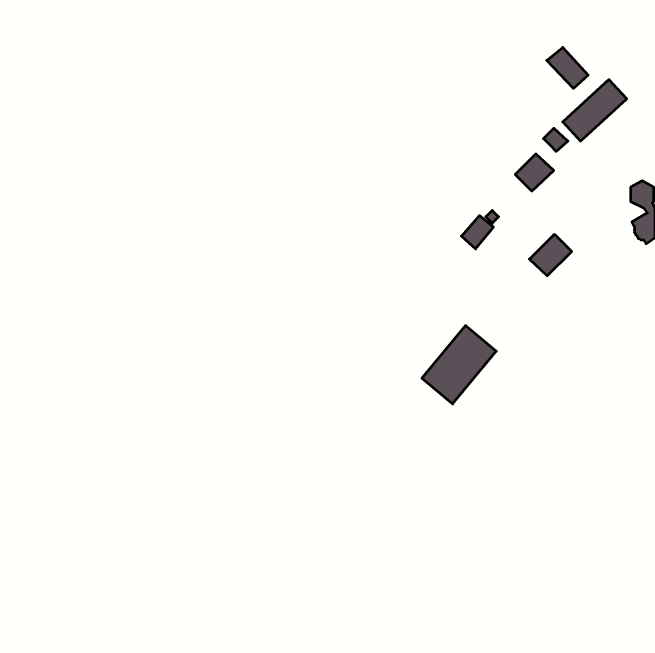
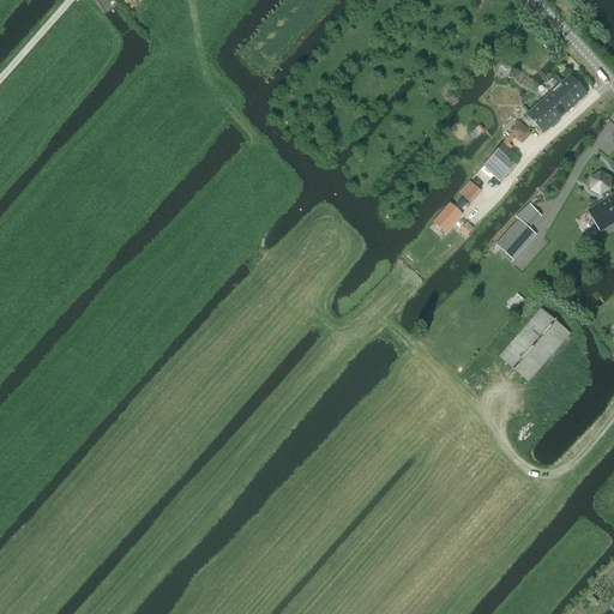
building: [547,47,588,88] -> none
building: [422,326,496,404] -> [500,307,570,380]

